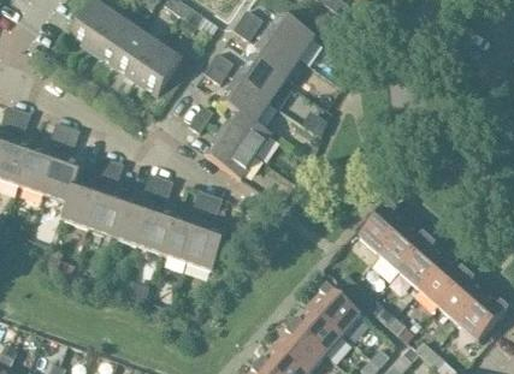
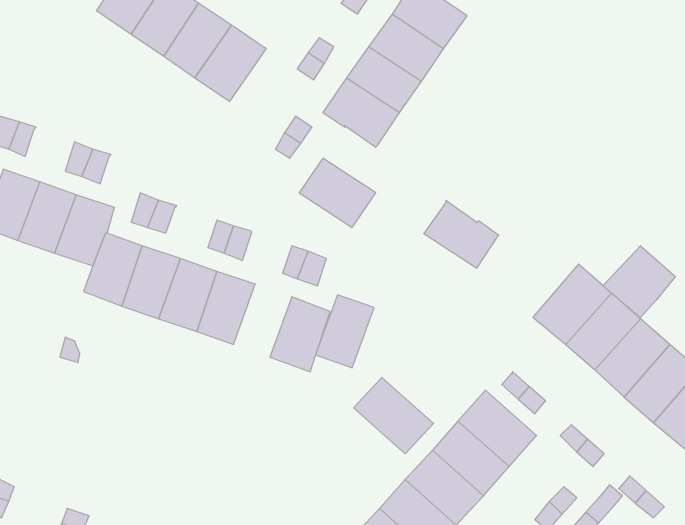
building: [220,109,270,154] -> [424,201,499,268]
building: none -> [603,246,675,318]
building: [161,214,200,262] -> [316,295,374,368]
building: none -> [354,377,434,454]

